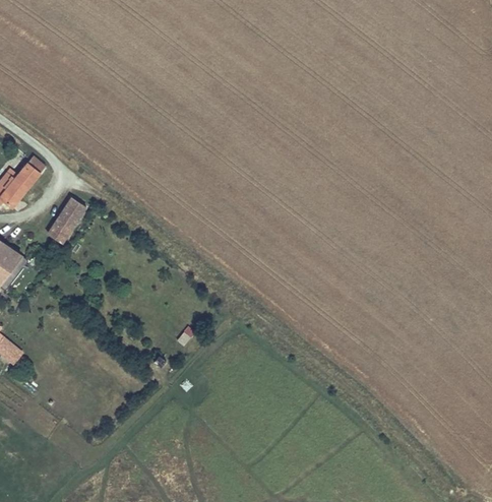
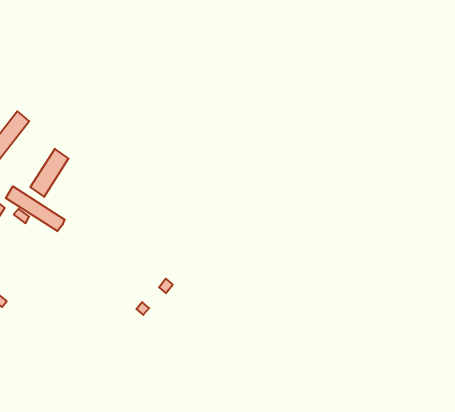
building: none -> [6,186,65,231]

